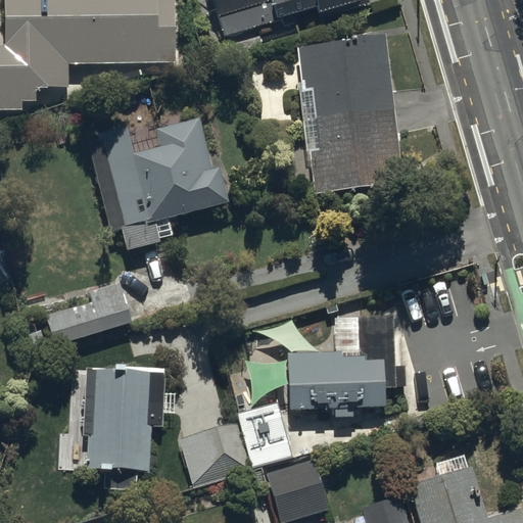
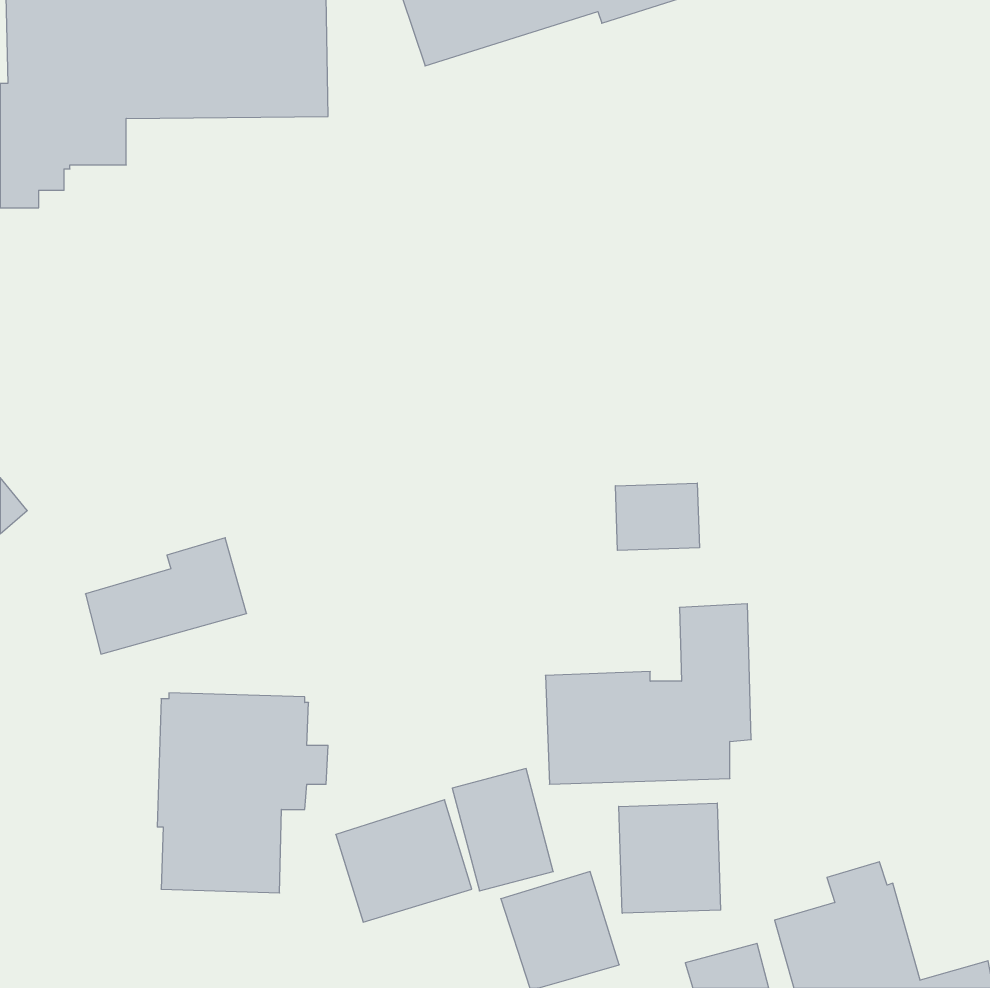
building: [296,32,402,192] -> none
building: [87,116,229,249] -> none
building: none -> [615,483,699,550]
building: none -> [619,803,721,913]

